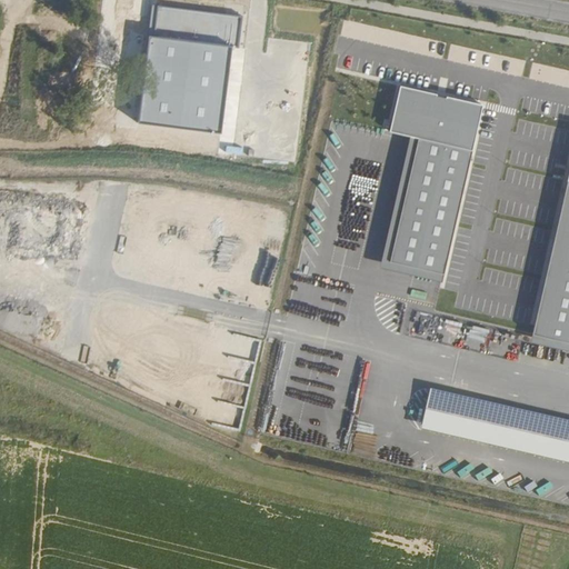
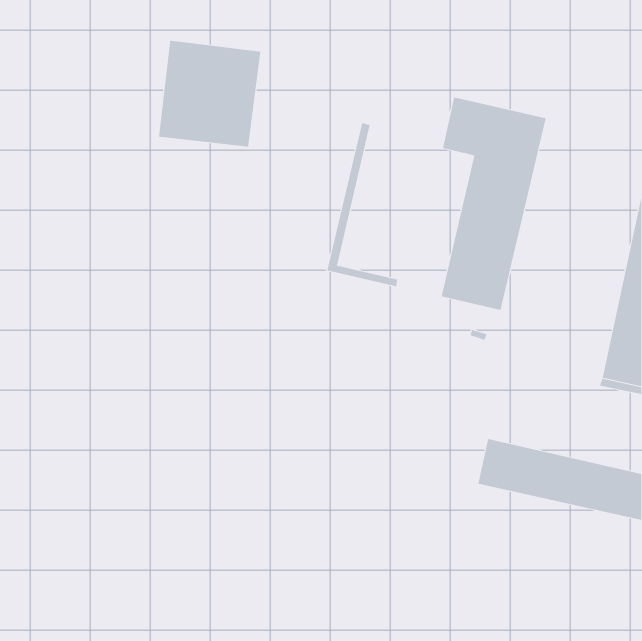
building: [150,6,240,47] -> none
building: [380,136,443,281] -> [326,122,398,287]

